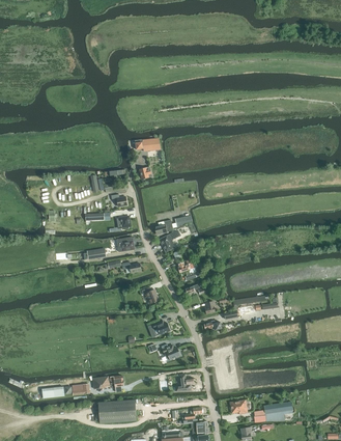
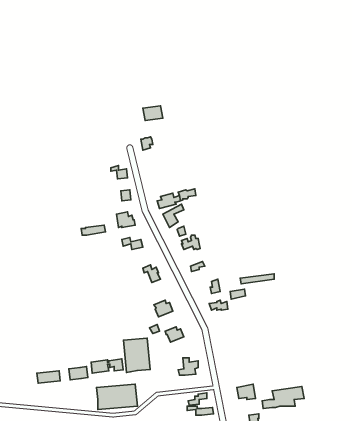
building: none -> [123,338,150,372]

